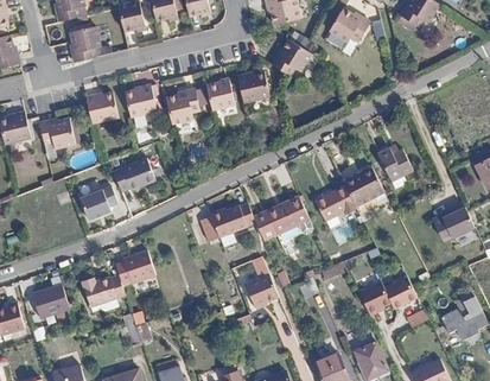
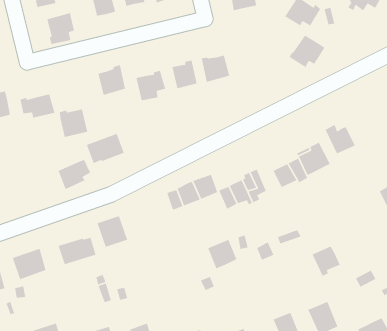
building: [271,39,311,76] -> [288,35,325,68]
building: [85,93,117,125] -> [59,108,88,138]
building: [383,277,415,309] -> none

